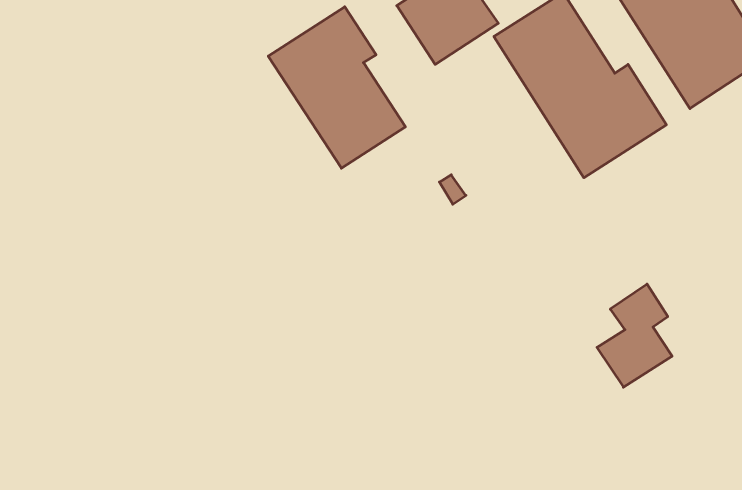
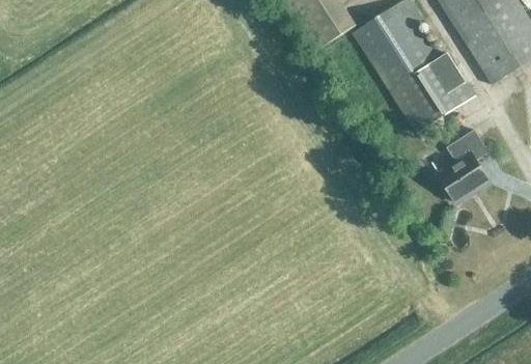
building: [268,7,405,168] -> none
building: [597,284,672,387] -> [438,129,491,201]

